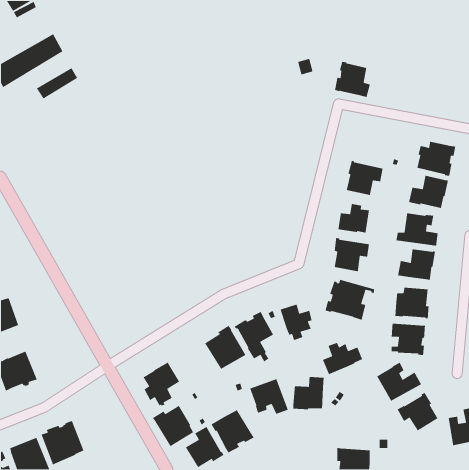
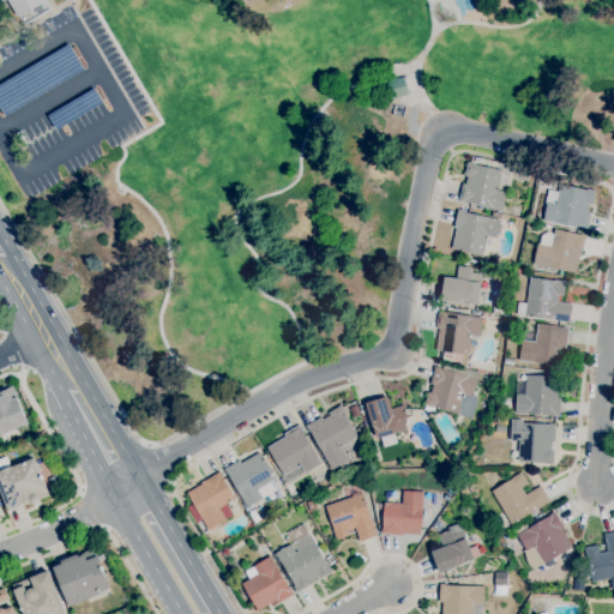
building: [334,61,371,98] -> [459,162,507,210]
building: [322,342,363,375] -> [432,529,486,572]
building: [152,405,194,447] -> [224,452,279,507]

